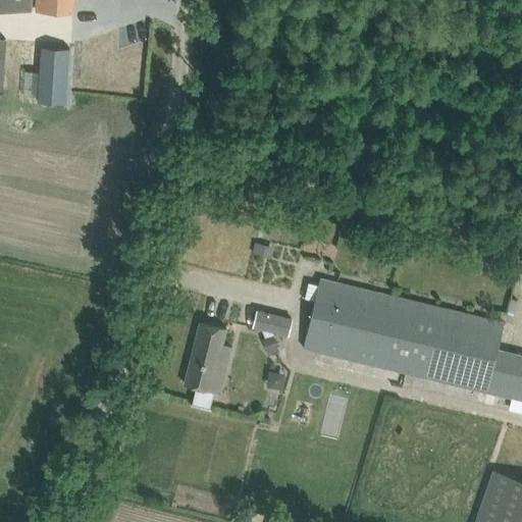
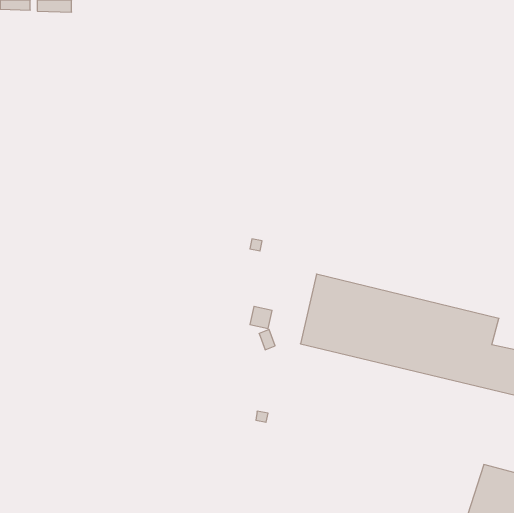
building: [39,48,70,105] -> none
building: [186,323,233,409] -> none

